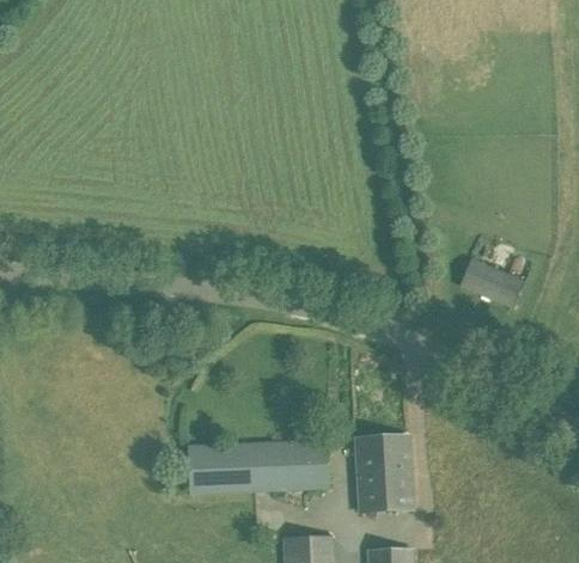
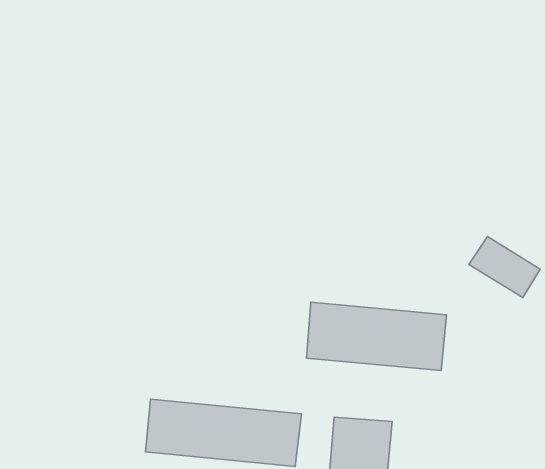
building: none -> [306,302,447,371]

